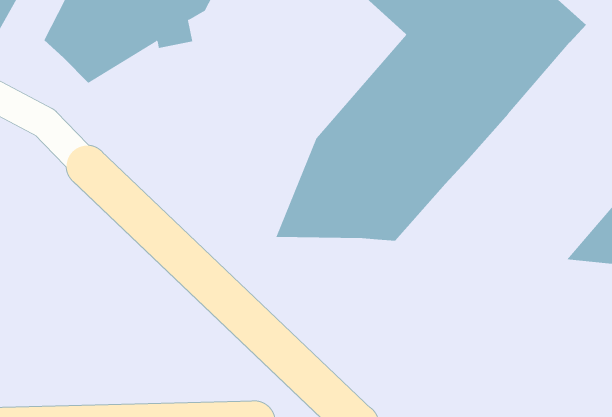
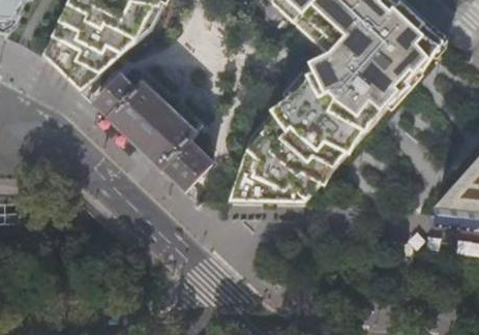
building: none -> [96,75,214,189]

